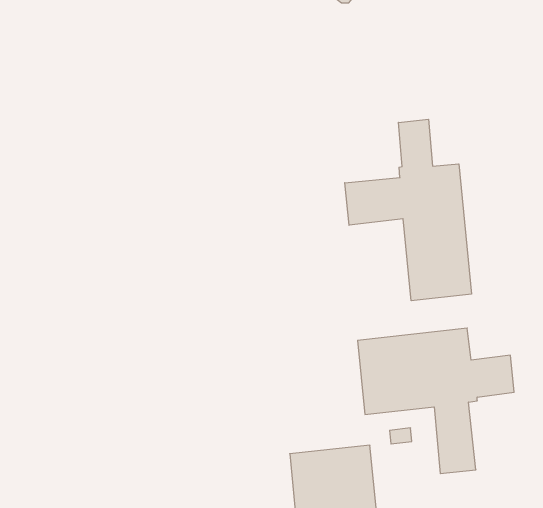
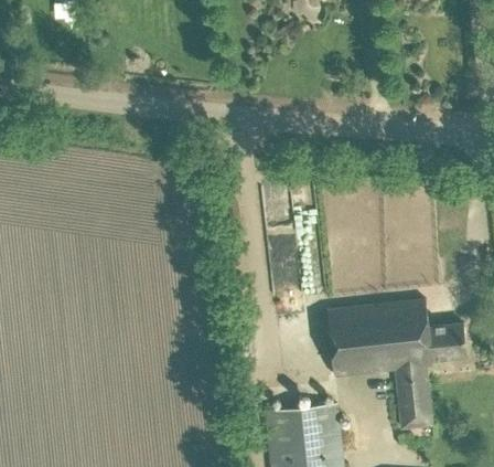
building: [345,119,471,301] -> none

